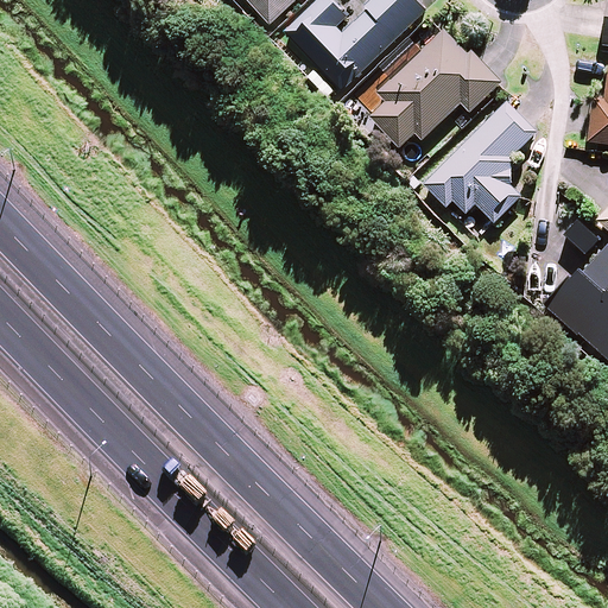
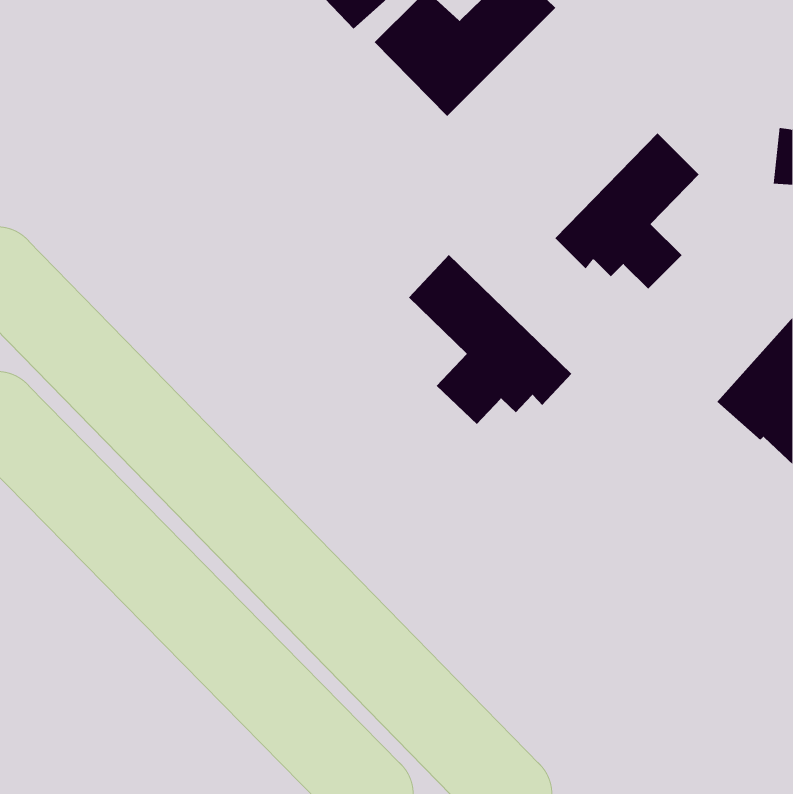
building: [369,26,500,146] -> none
building: none -> [408,254,572,425]

